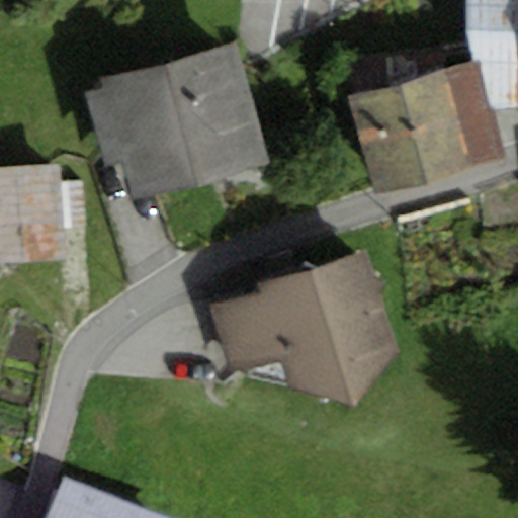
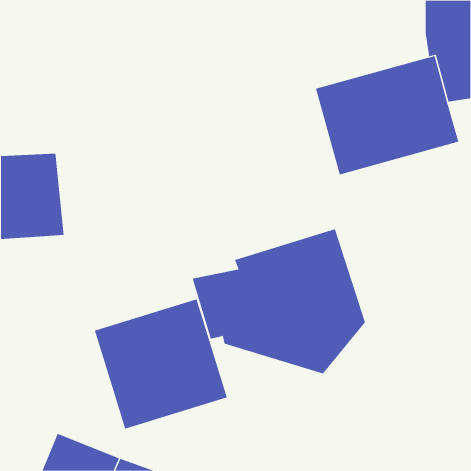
building: [88,44,268,201] -> none
building: none -> [94,298,227,429]

